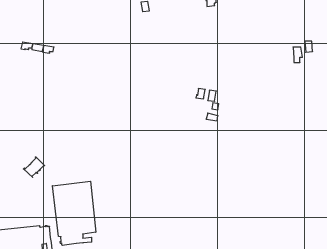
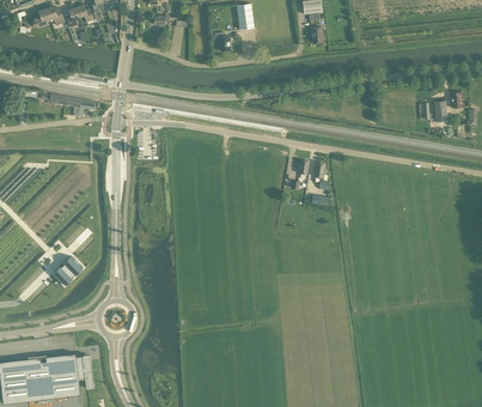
building: [52,181,96,245] -> none

